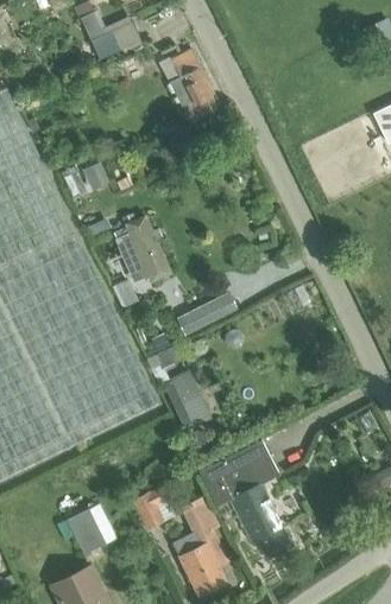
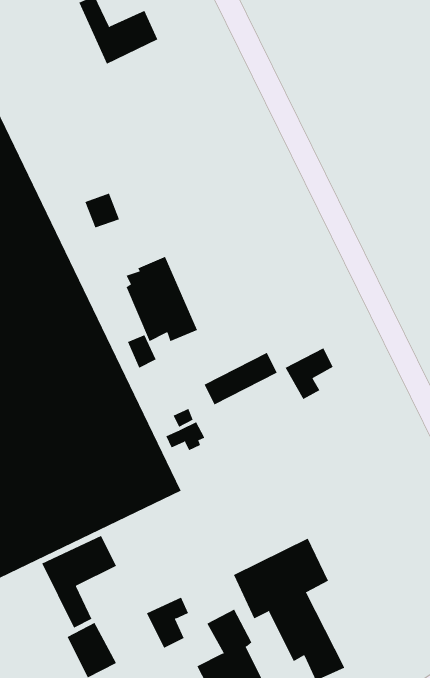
building: [160,51,217,119] -> none
building: none -> [285,348,334,400]
building: [163,369,212,427] -> none
building: none -> [41,535,117,628]

